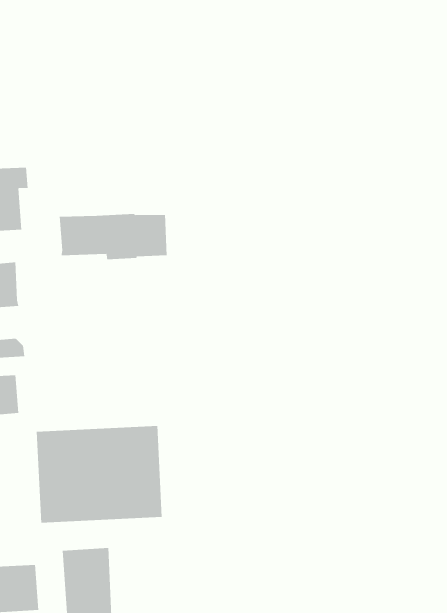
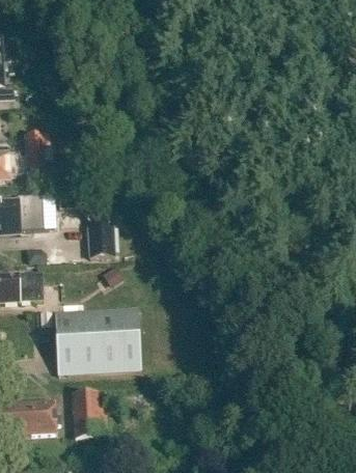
building: [59,213,167,260] -> none
building: none -> [87,225,115,257]

